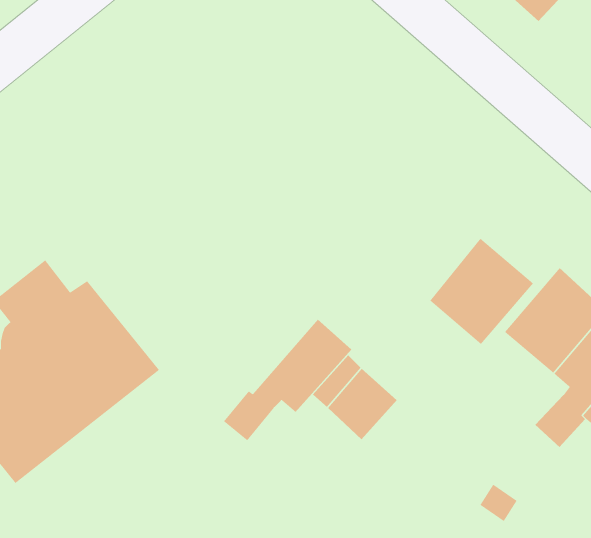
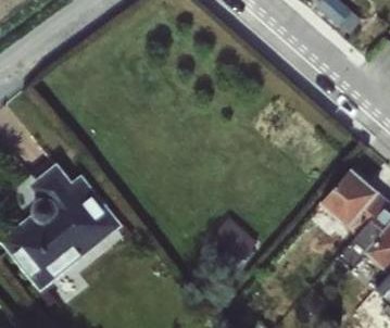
building: [429,238,534,345] -> none
building: [223,319,352,441] -> none

